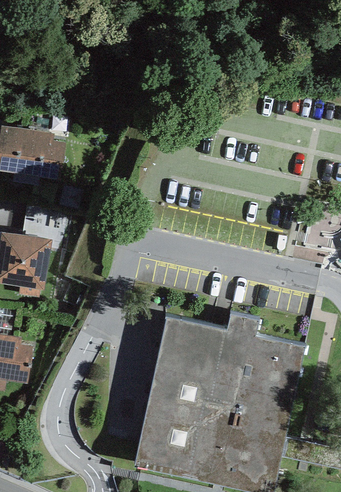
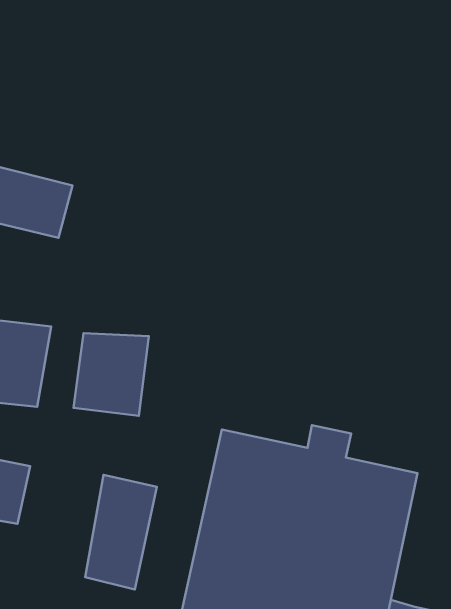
building: none -> [73,333,149,416]
building: none -> [85,475,157,589]

